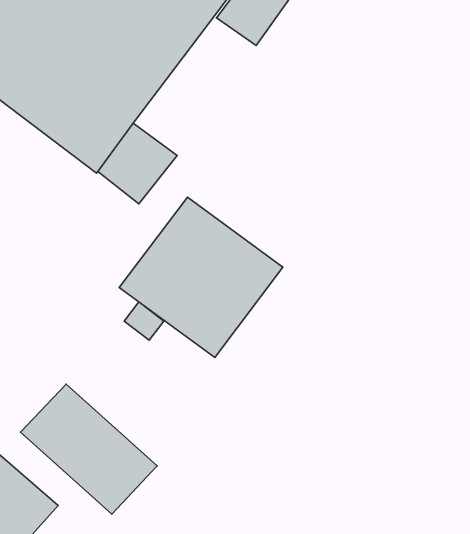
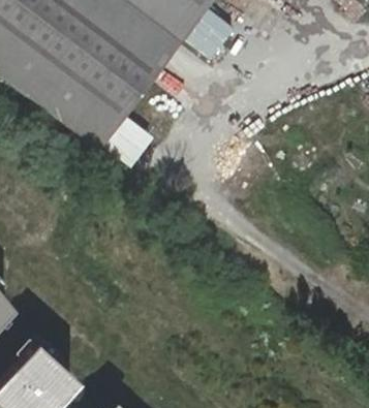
building: [119,197,283,358] -> none
building: [21,384,157,514] -> none

